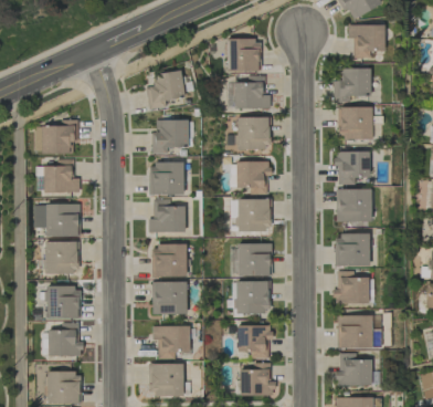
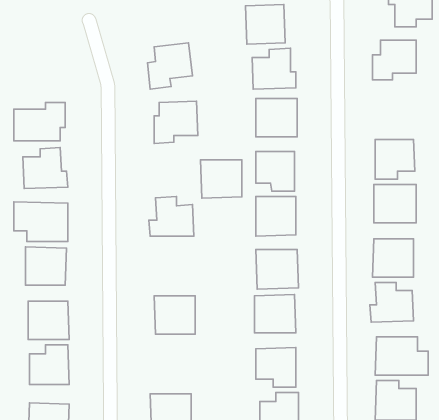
building: [338,107,372,139] -> none
building: [149,164,183,196] -> [201,160,242,198]
building: [152,244,187,276] -> none
building: [154,326,190,359] -> none

